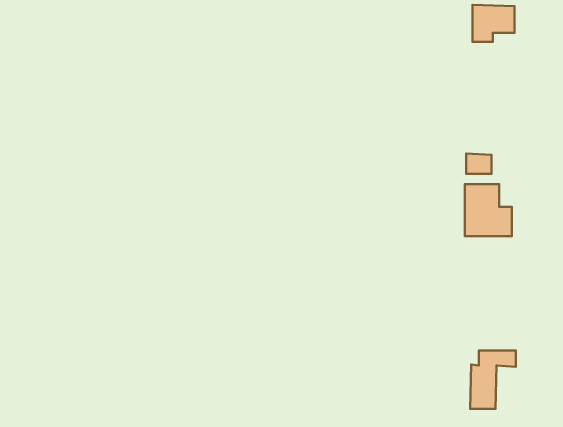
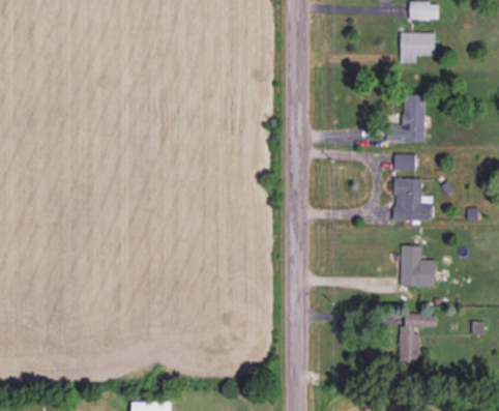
building: none -> [387,94,424,142]
building: none -> [400,245,435,286]

